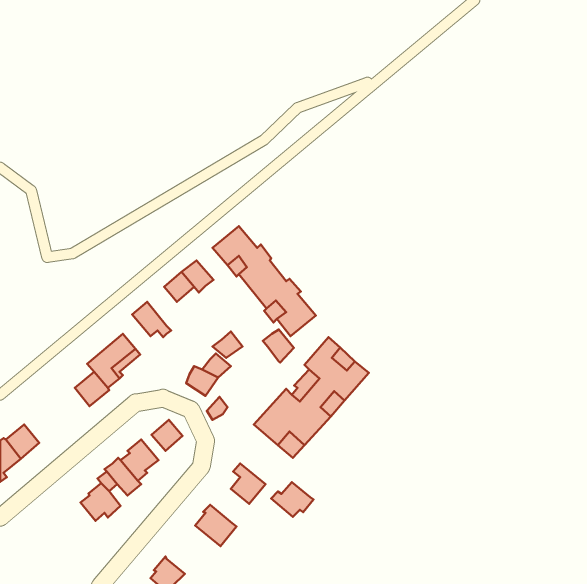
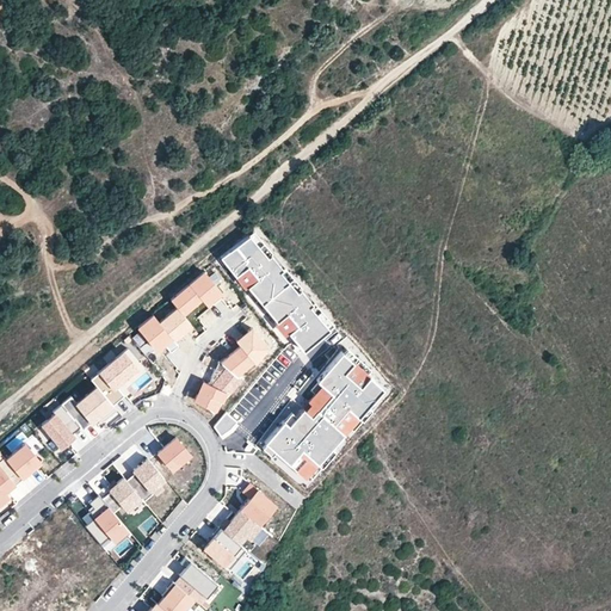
building: none -> [159,308,192,341]
building: [263,329,294,363] -> [235,329,267,364]
building: none -> [41,406,80,449]
building: [271,482,314,517] -> [218,511,263,547]
building: none -> [173,557,216,605]

